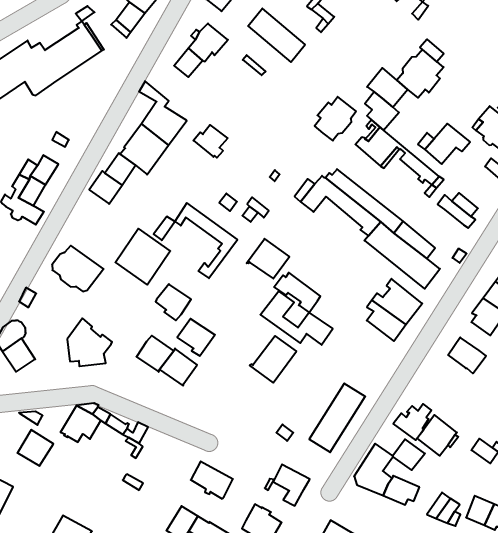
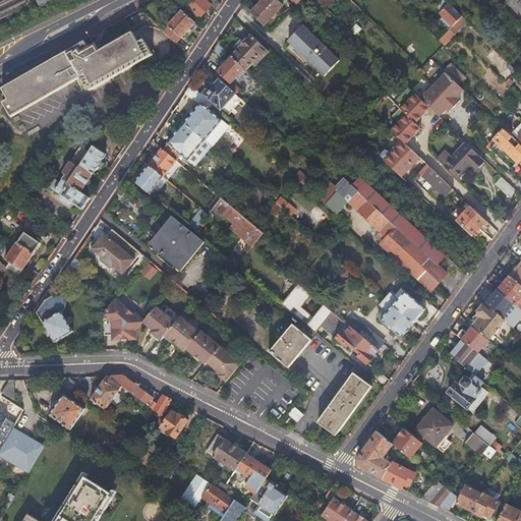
building: [315,97,356,141] -> none
building: [193,125,228,158] -> [202,79,234,110]
building: [247,239,289,279] -> none
building: [274,273,320,312] -> [335,326,377,363]
building: [156,284,191,320] -> [141,306,174,340]
building: [177,319,215,356] -> [206,346,240,381]
building: none -> [457,325,488,351]
building: [393,404,431,440] -> [447,374,482,407]
building: none -> [159,410,186,438]
building: [273,464,310,506] -> [235,453,269,491]

